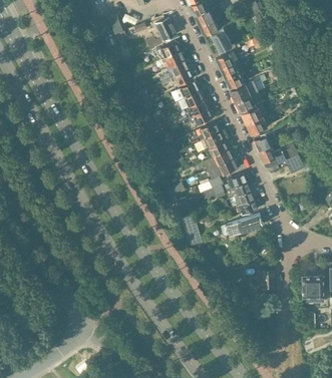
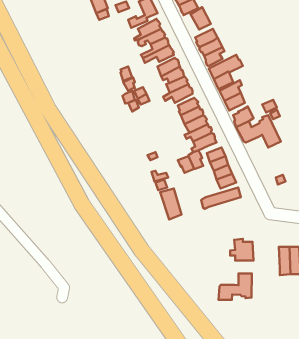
building: none -> [218,274,252,300]

